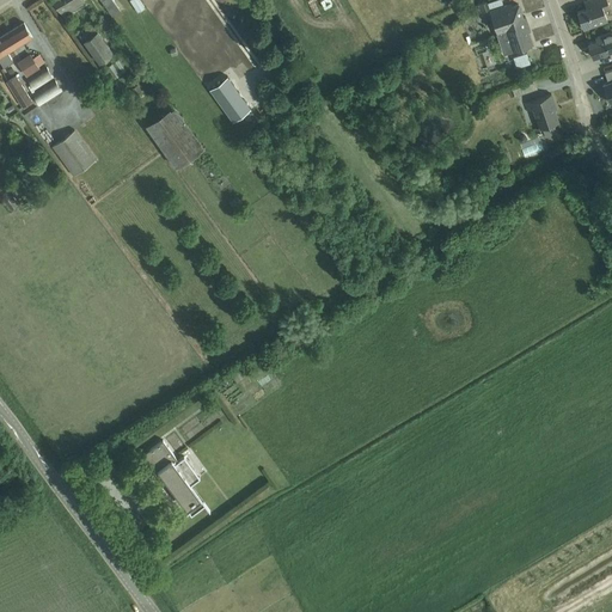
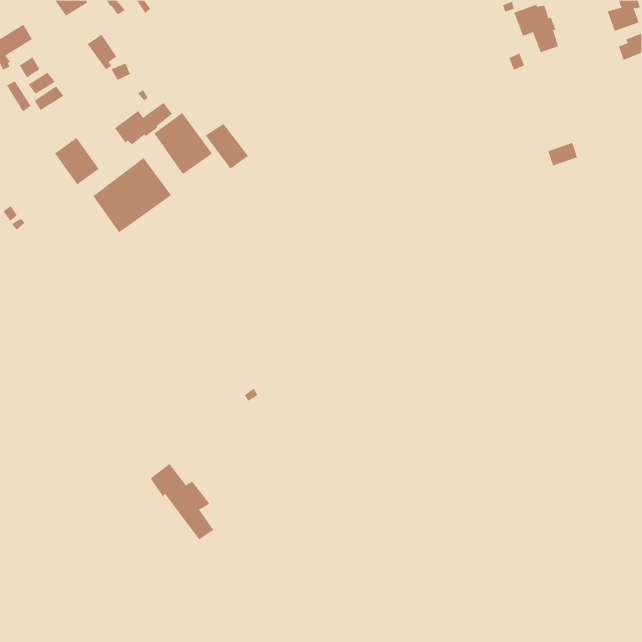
building: [208,78,250,122] -> [205,123,249,170]
building: [522,94,557,129] -> none
building: none -> [114,102,173,145]
building: none -> [92,157,172,233]

